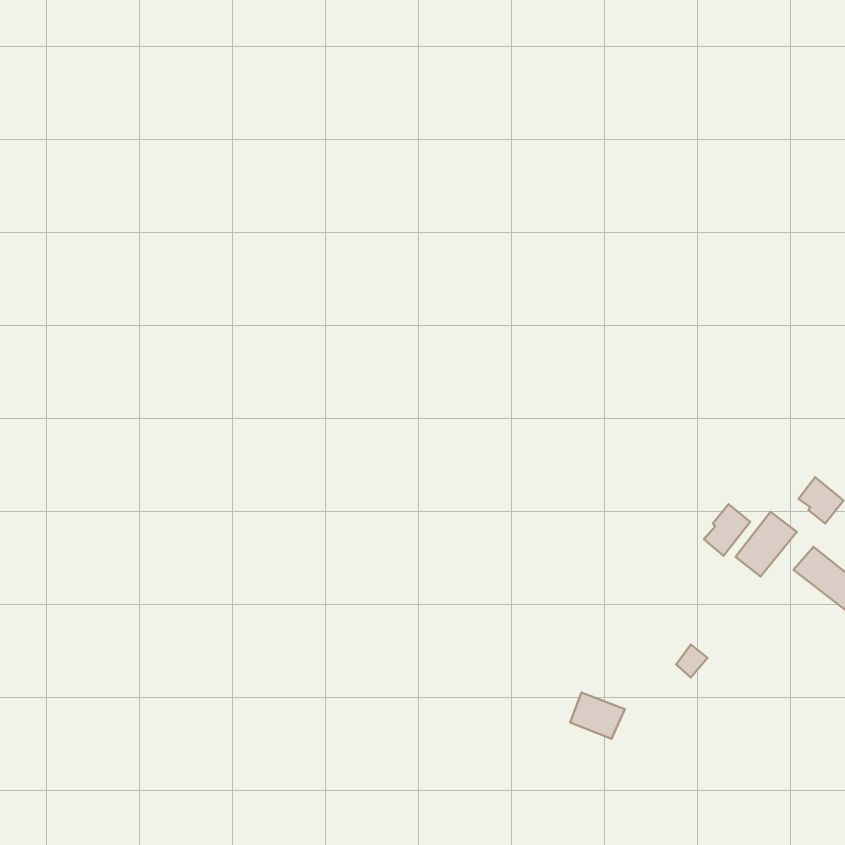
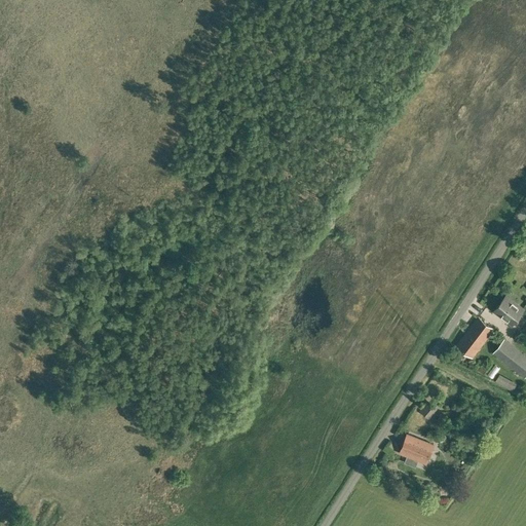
building: [704,504,750,556] -> none
building: [570,693,625,739] -> [401,436,435,464]

